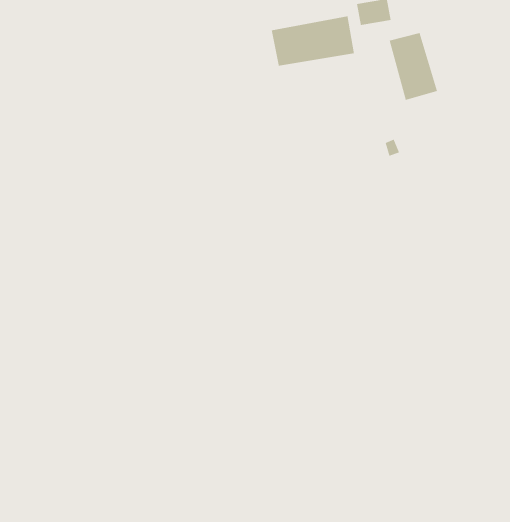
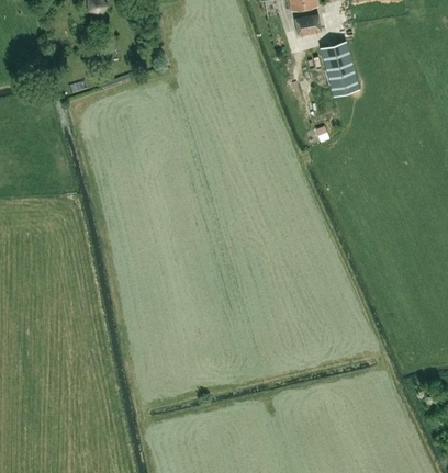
building: [271,15,355,66] -> none

